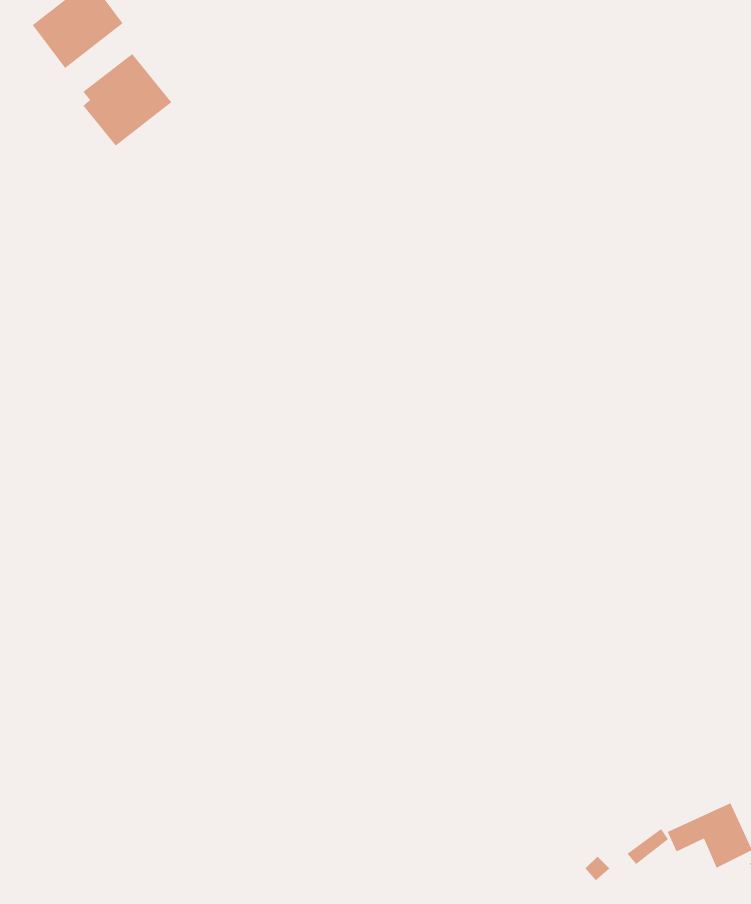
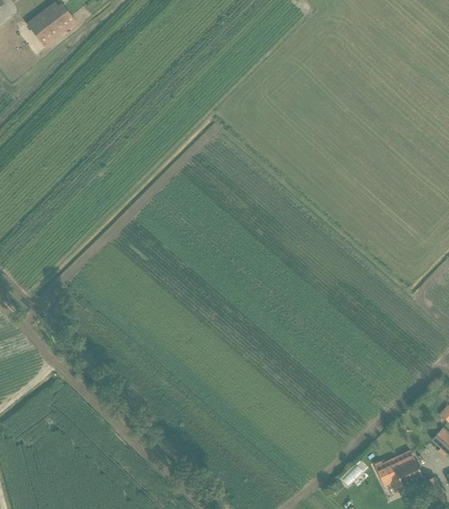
building: [82,53,172,147] -> none

